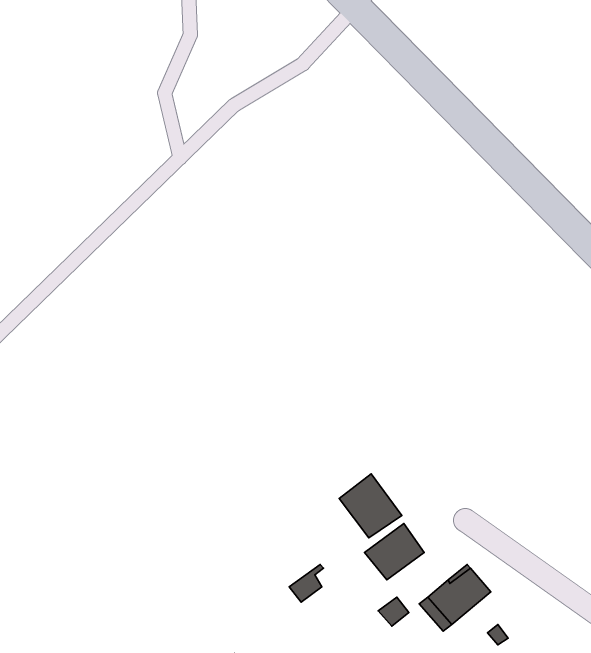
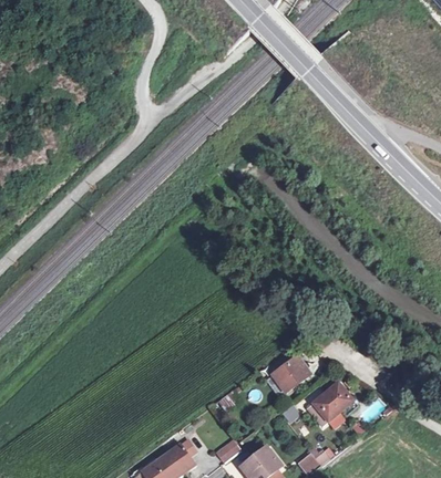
building: [339,474,402,538] -> none

